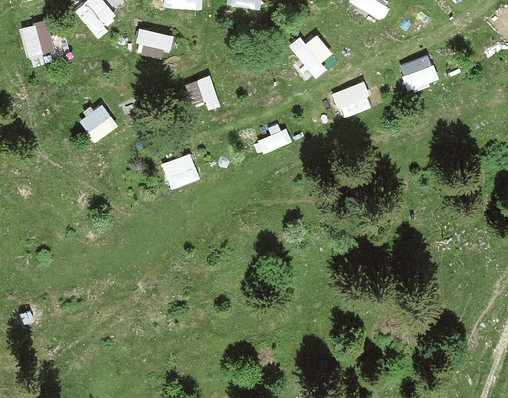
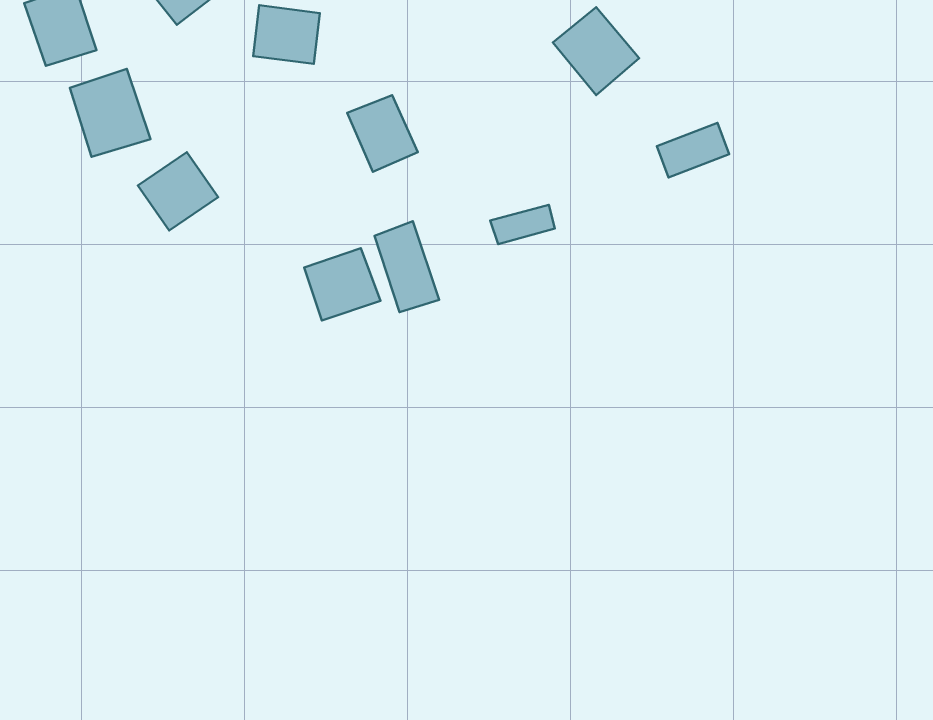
building: [398,52,441,93] -> none
building: none -> [70,69,150,157]
building: none -> [375,221,439,312]

